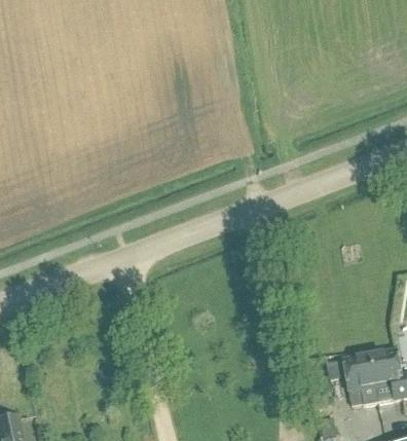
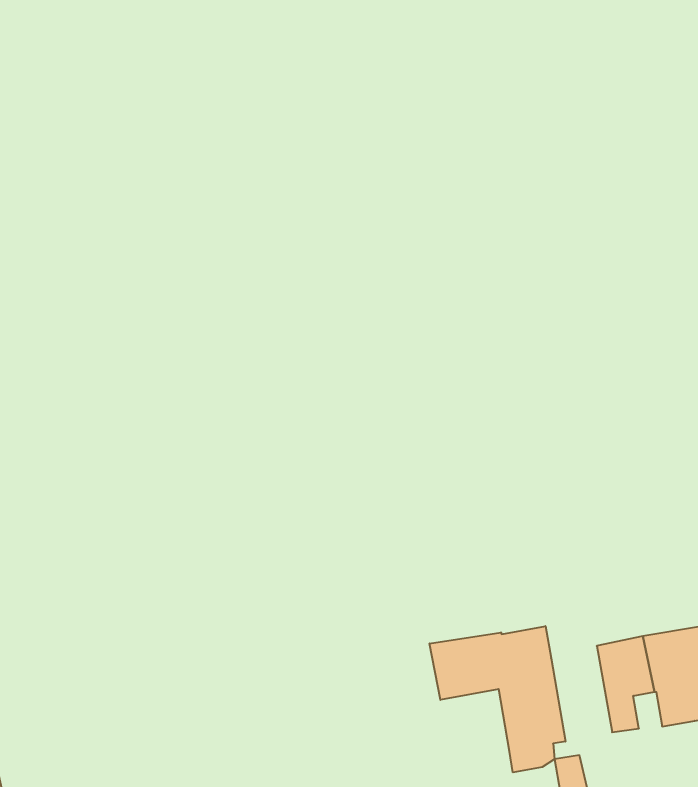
building: none -> [430,626,565,772]

